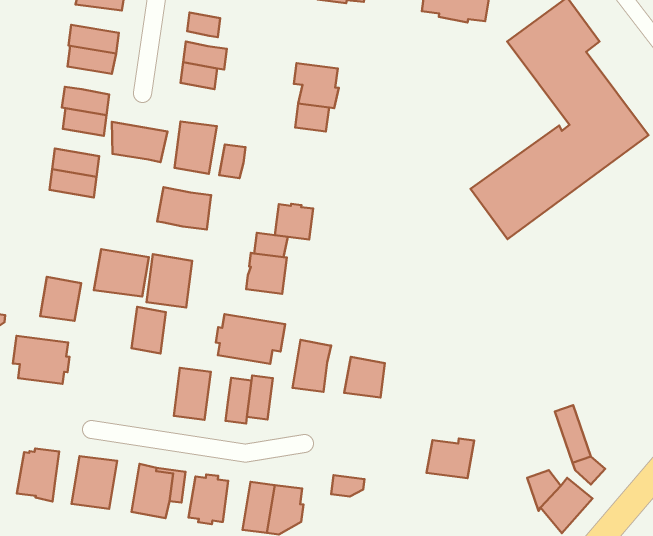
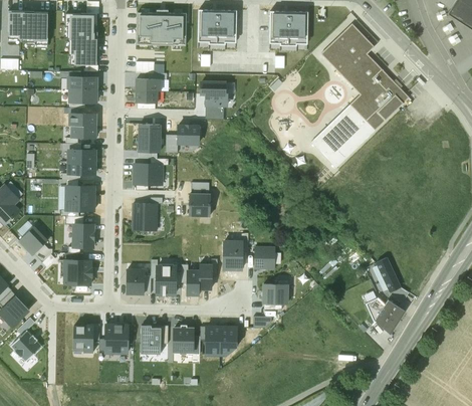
building: [112,122,167,162] -> none
building: [275,204,313,240] -> [178,125,198,144]
building: [94,249,149,297] -> [65,186,94,210]
building: [132,307,166,354] -> [127,269,144,294]
building: [216,314,285,364] -> none
building: [426,438,474,478] -> [262,281,287,303]

